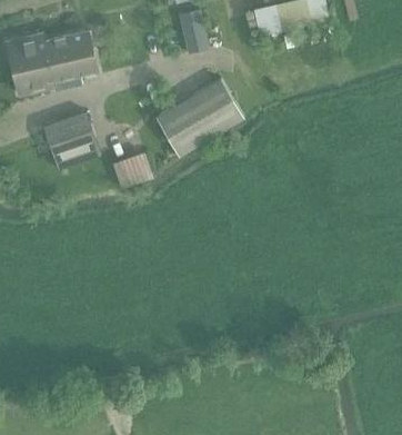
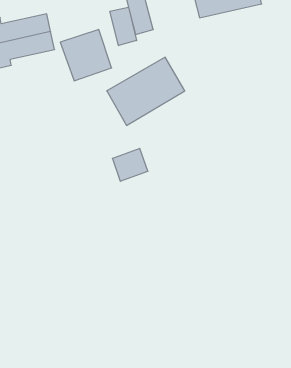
building: none -> [110,7,137,46]
building: [42,110,100,168] -> [60,29,112,81]
building: [113,151,153,188] -> [112,149,148,181]

